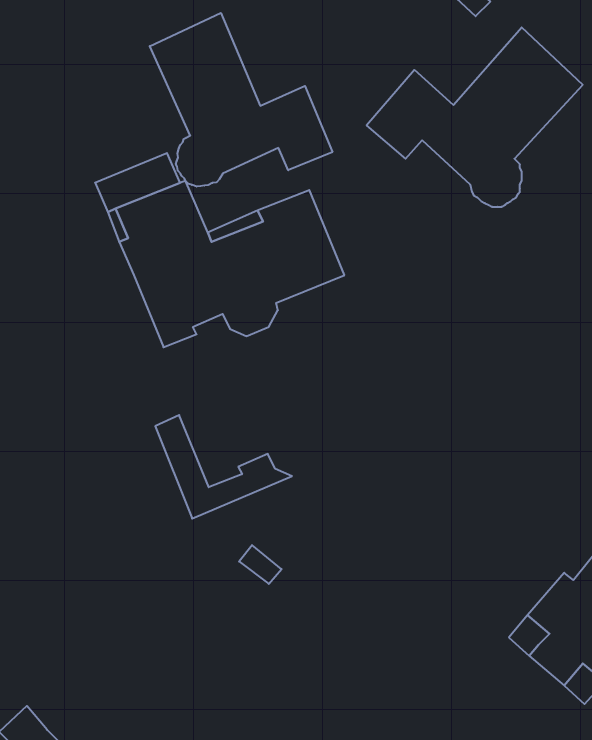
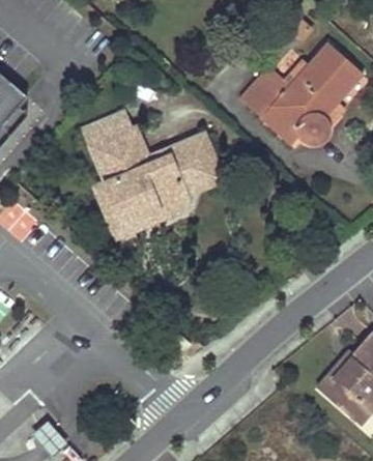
building: [150,13,332,187] -> none
building: [155,415,292,519] -> [94,181,171,239]

